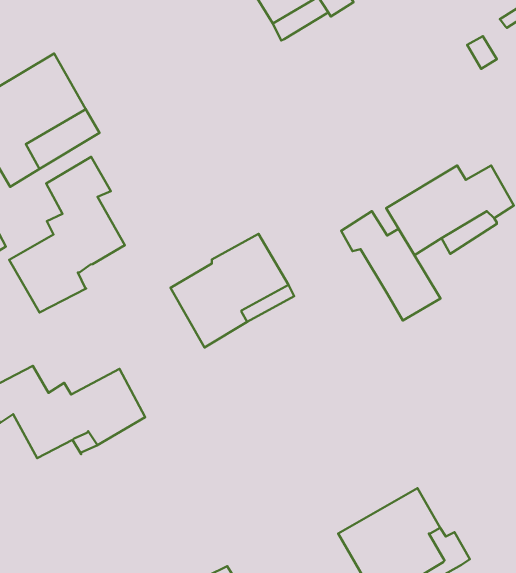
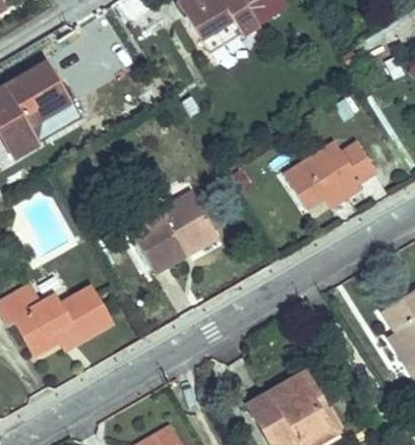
building: [9,157,125,312] -> none
building: [341,211,440,321] -> none

